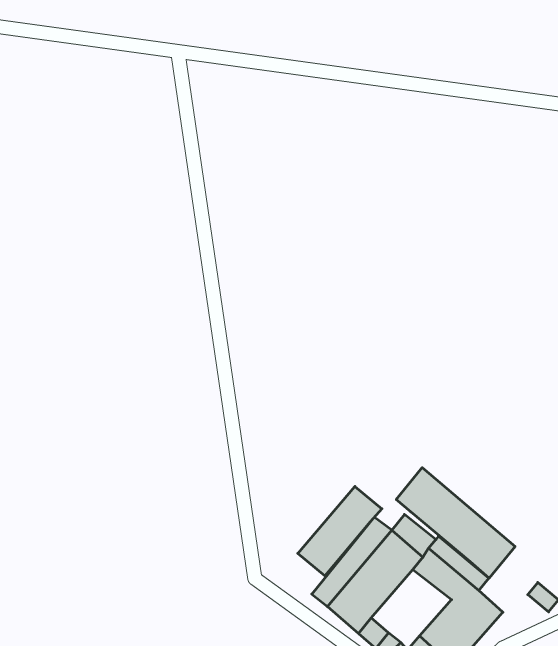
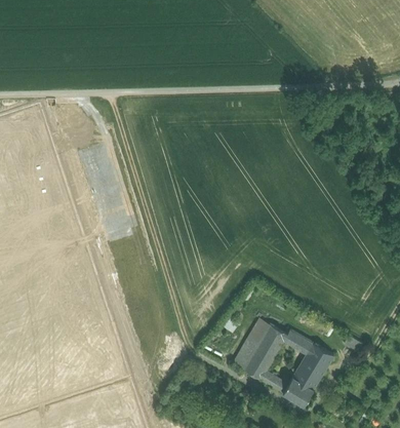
building: [396,468,515,578] -> none
building: [298,486,382,576] -> none

